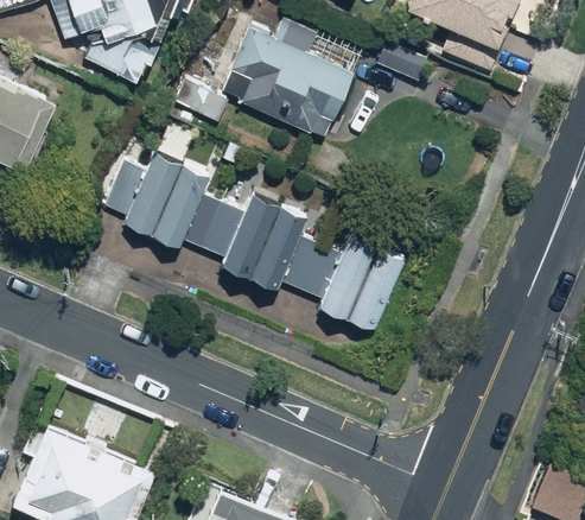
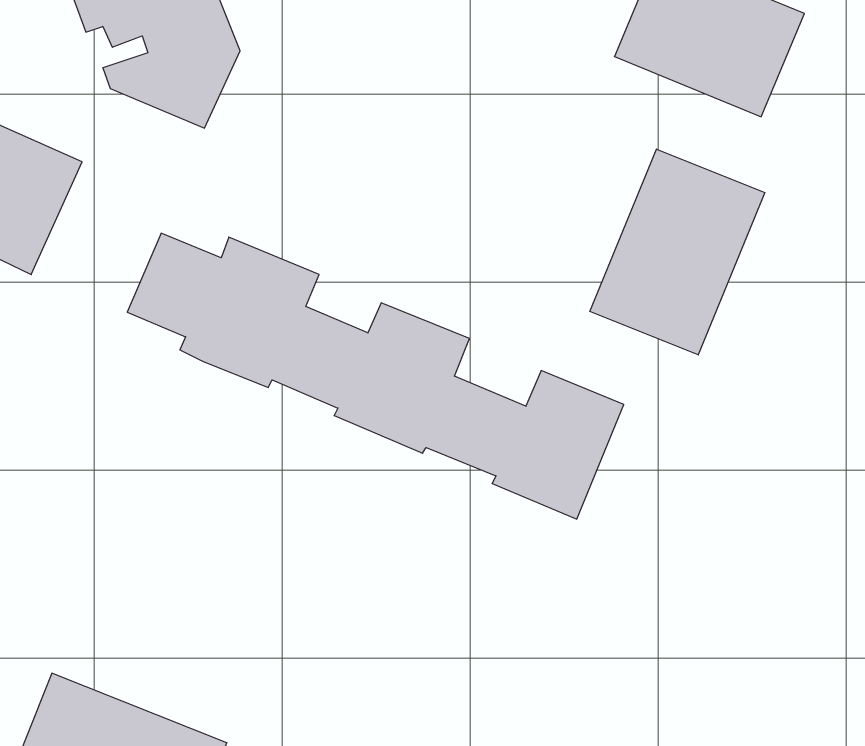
building: [176,17,356,140] -> none
building: none -> [590,149,765,355]

